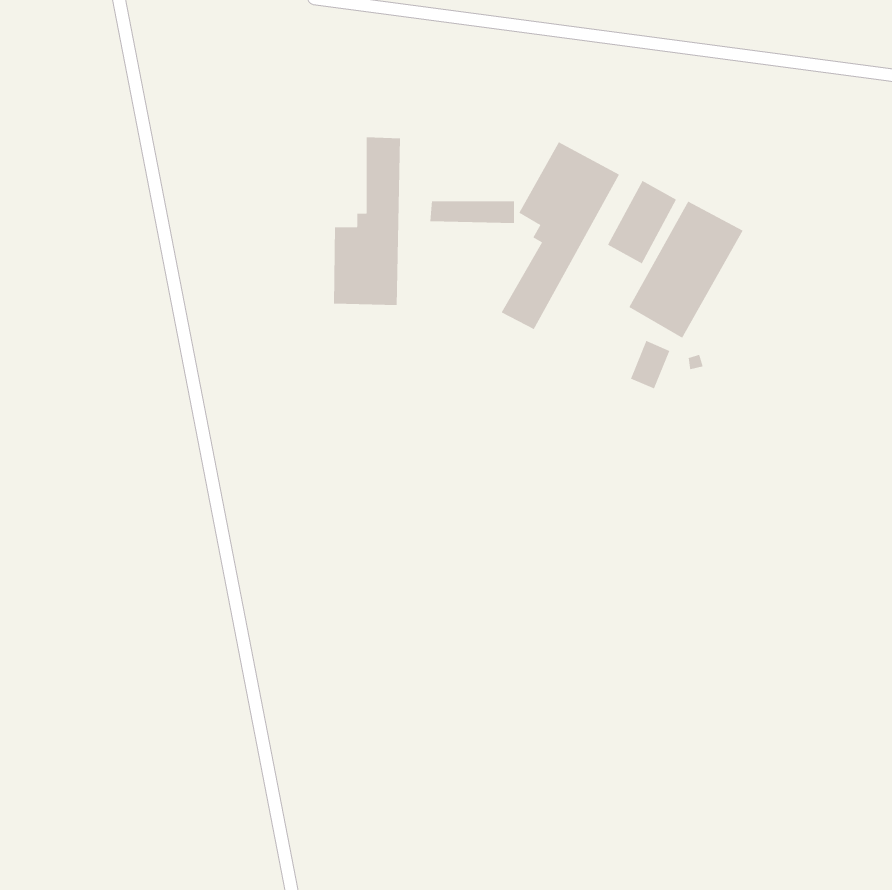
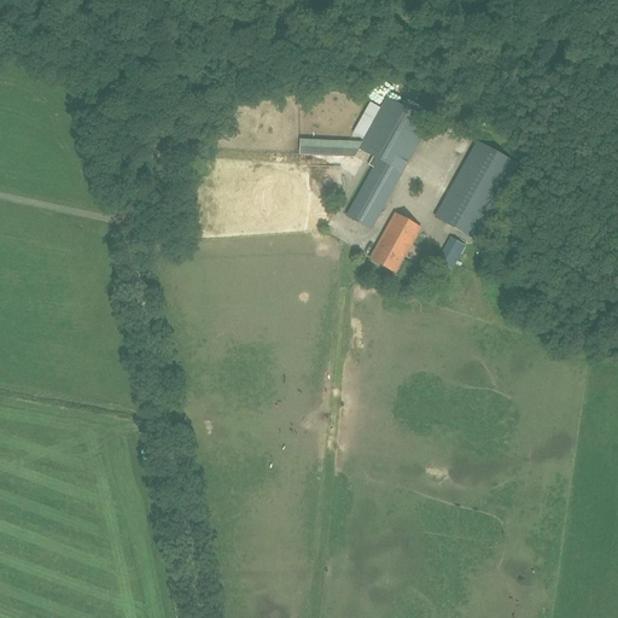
building: [334,137,401,306] -> none
building: [607,180,677,264] -> [371,214,419,272]

